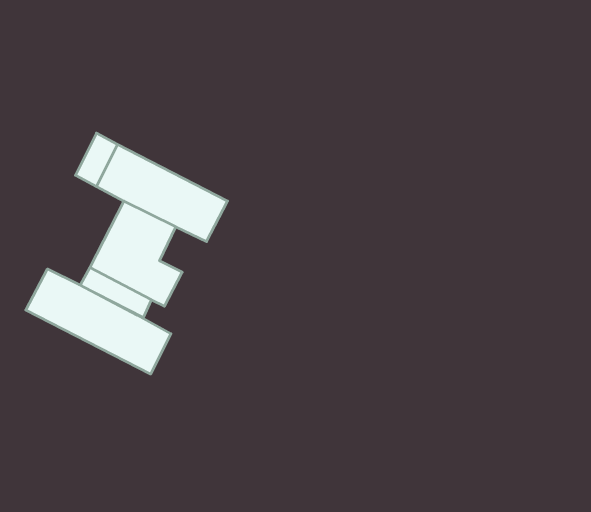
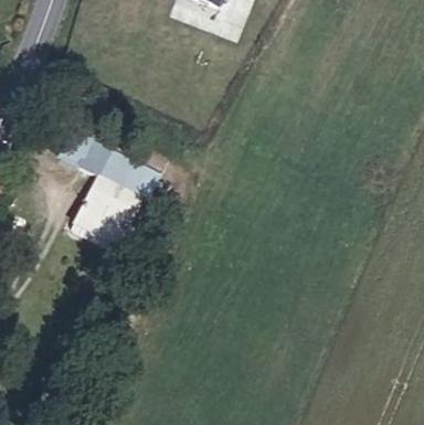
building: [26,269,171,374] -> none

